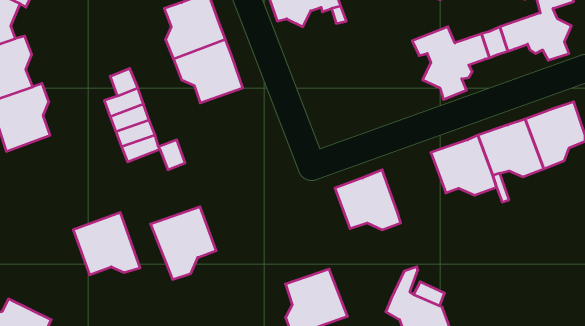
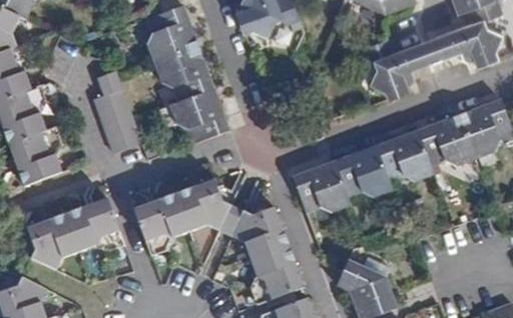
building: none -> [168,88,227,142]
building: none -> [7,125,61,186]
building: none -> [334,144,392,198]
building: none -> [175,178,288,259]
building: none -> [20,212,79,269]

